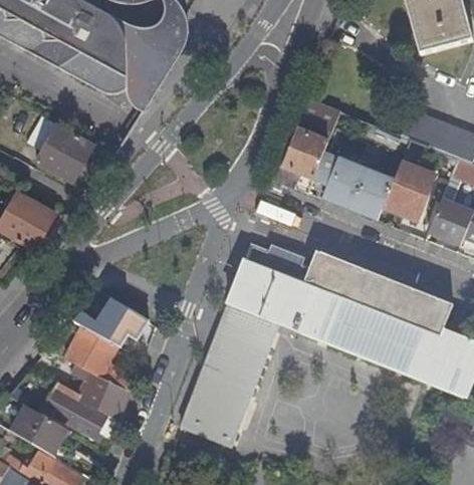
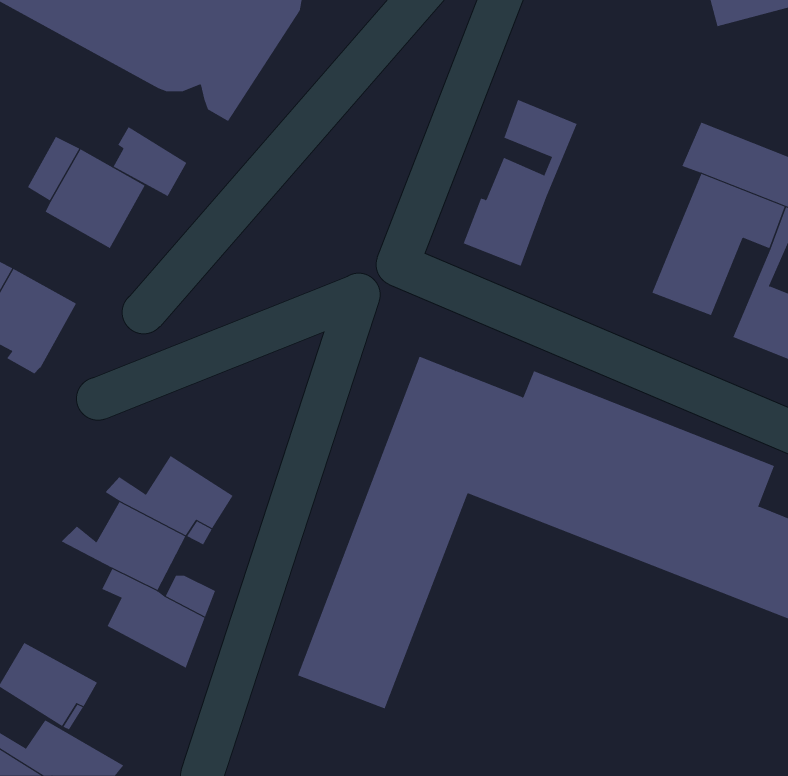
building: none -> [113,126,187,197]
building: [318,152,395,215] -> none
building: [35,383,118,438] -> none

